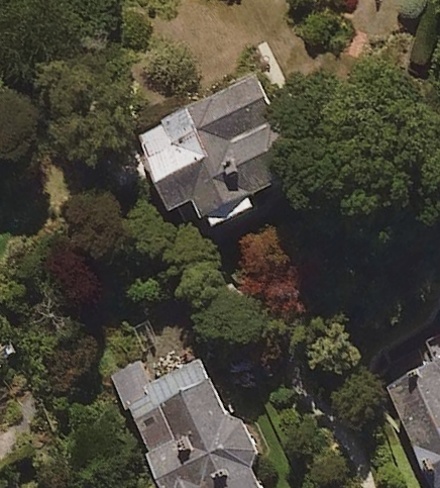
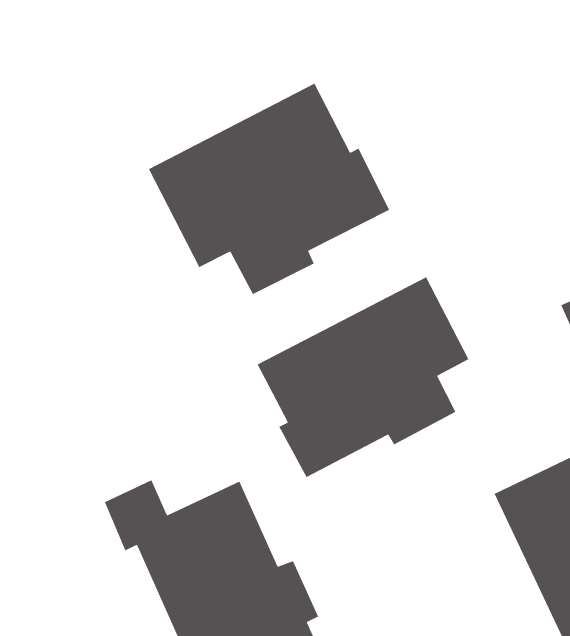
building: none -> [256,276,470,478]

